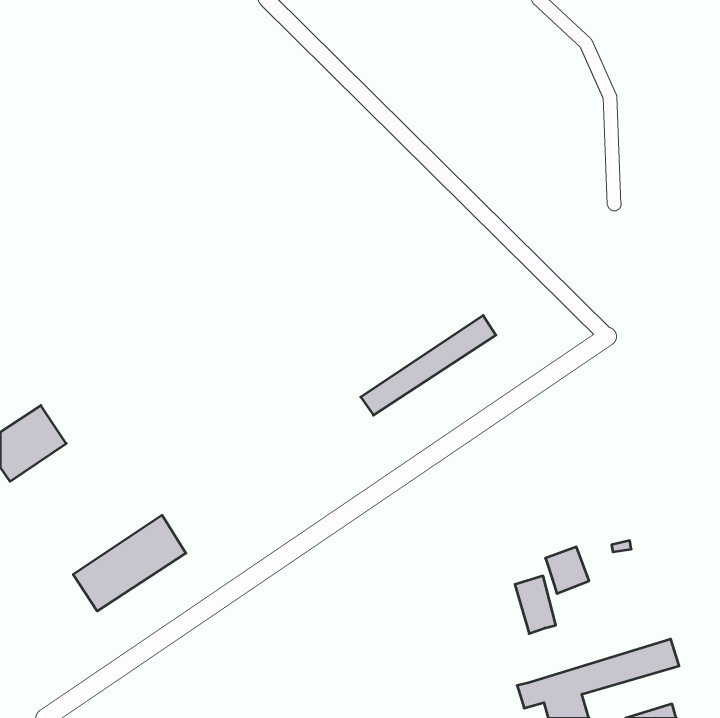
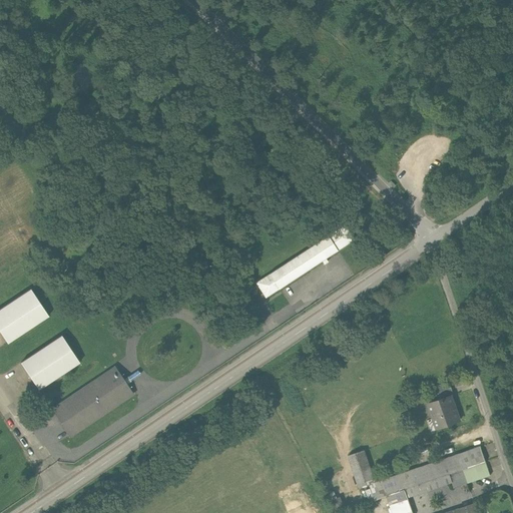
building: none -> [21,337,78,389]
building: [545,547,589,593] -> [429,395,460,428]
building: [515,576,556,634] -> [347,451,376,492]

